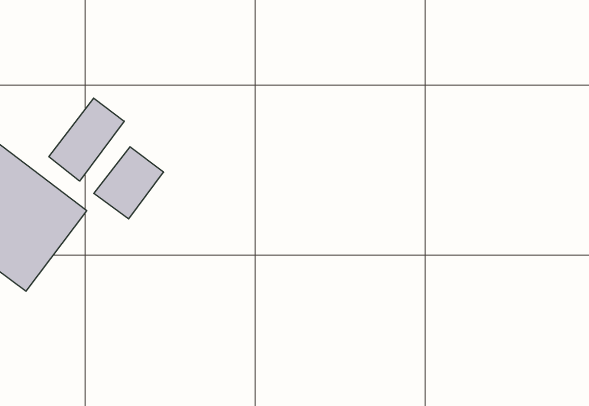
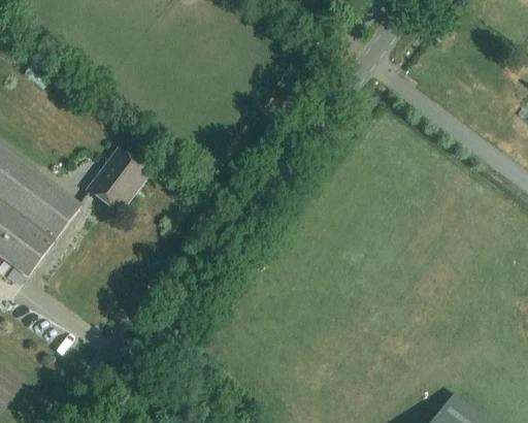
building: [49,98,124,181] -> none

